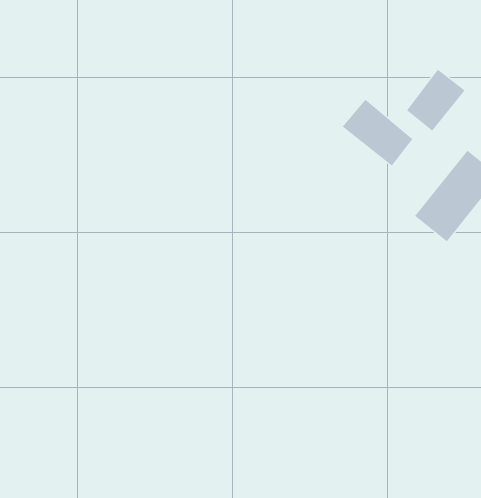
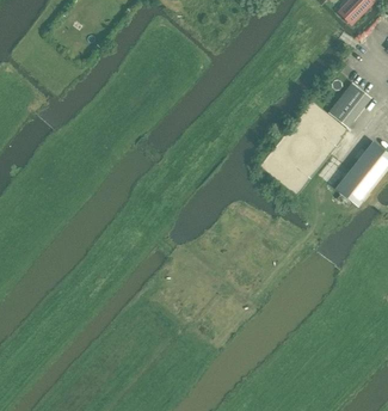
building: [342,99,413,167] -> none

